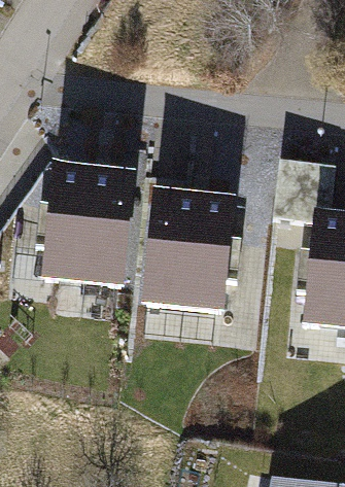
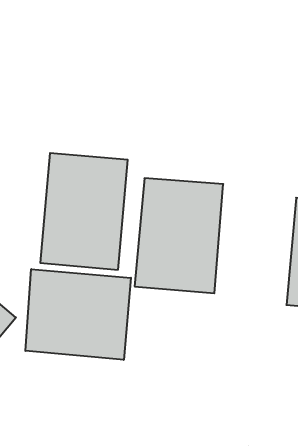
building: none -> [25,269,131,360]

